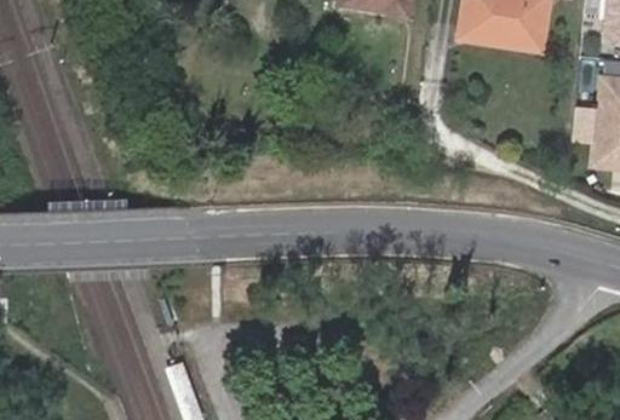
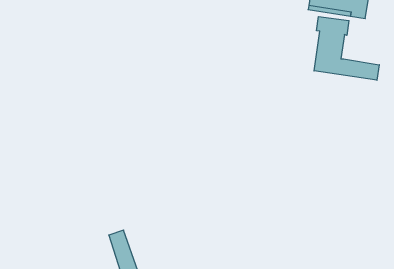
building: none -> [314,17,379,80]

